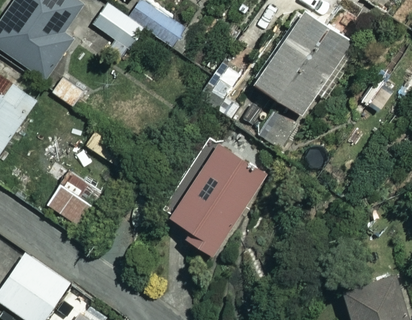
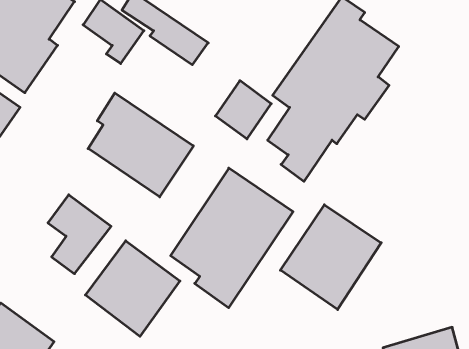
building: none -> [88,93,193,197]
building: none -> [280,205,381,310]
building: none -> [85,241,180,336]

